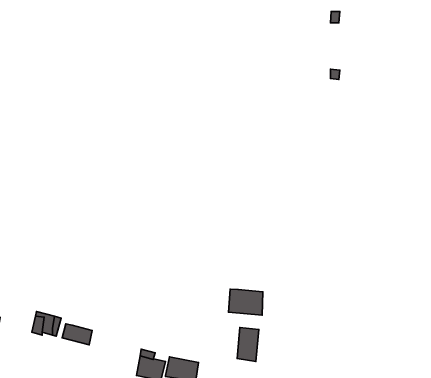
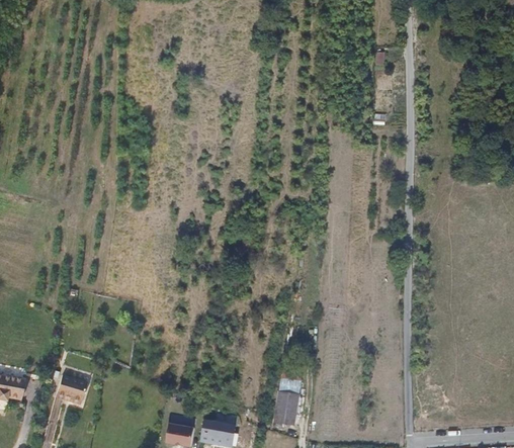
building: [228,289,263,315] -> none
building: [62,324,92,345] -> none

